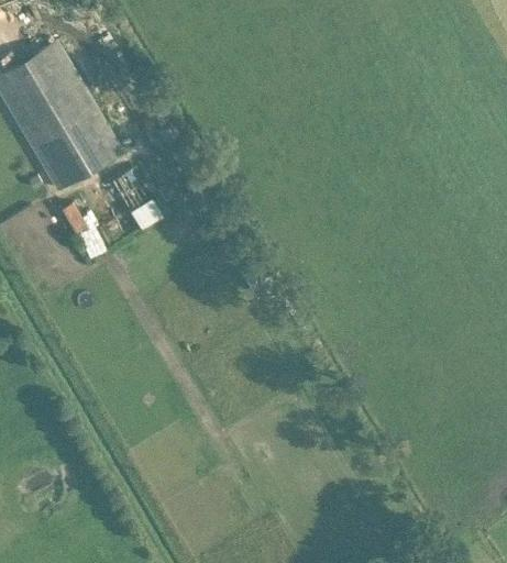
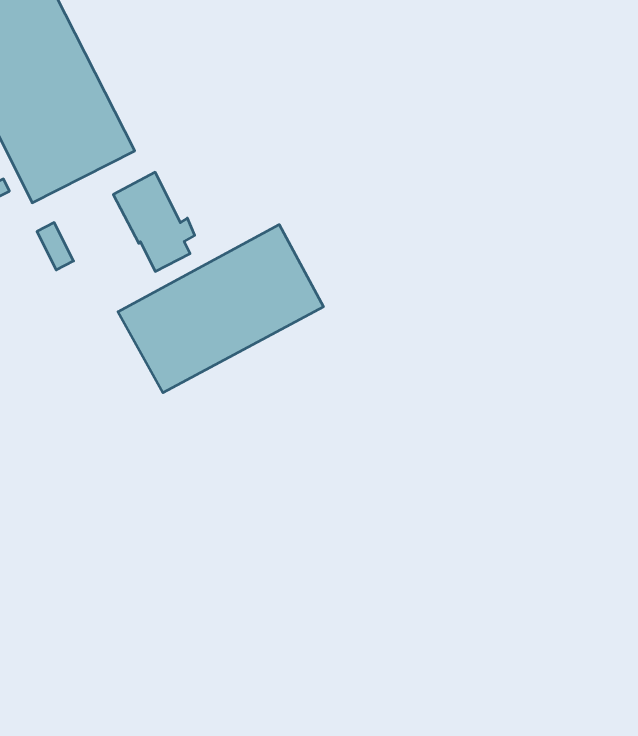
building: none -> [118,225,323,393]

